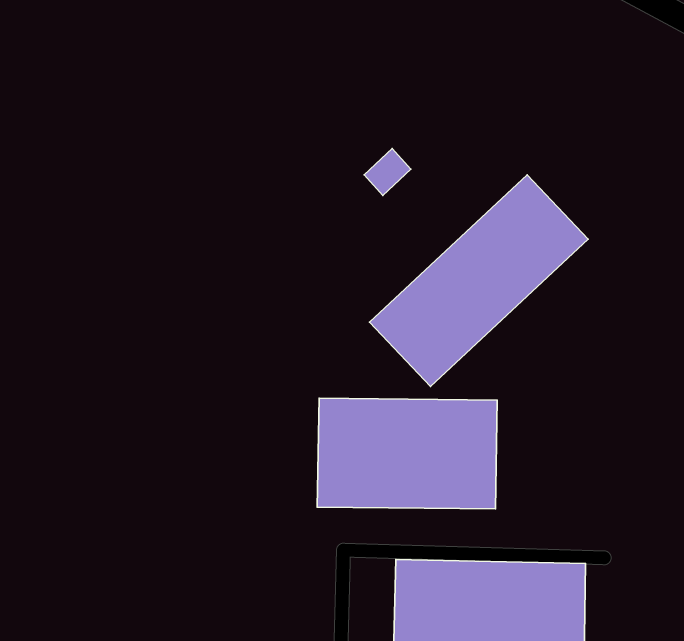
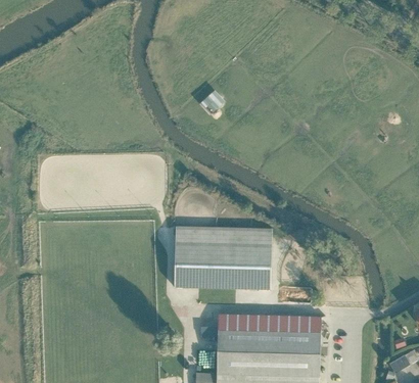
building: [369,175,588,386] -> none

